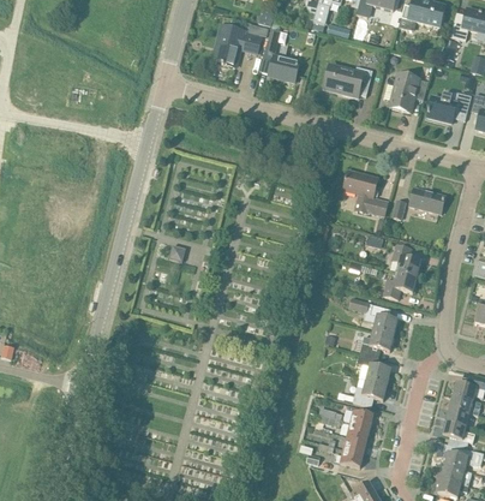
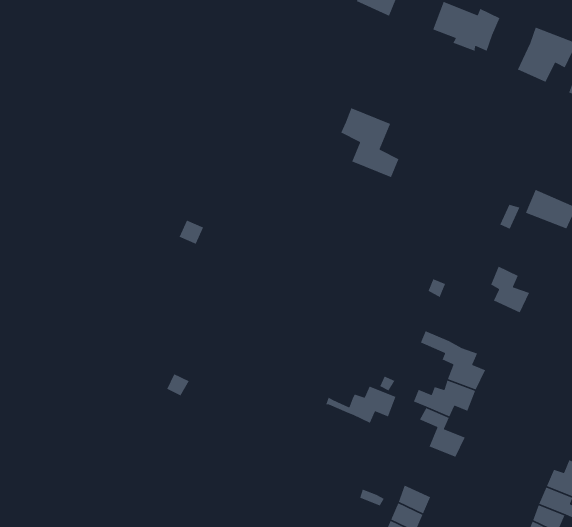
building: [343,171,388,216] -> [340,107,400,178]
building: [383,270,417,299] -> none
building: [337,380,387,406] -> [325,386,397,423]

